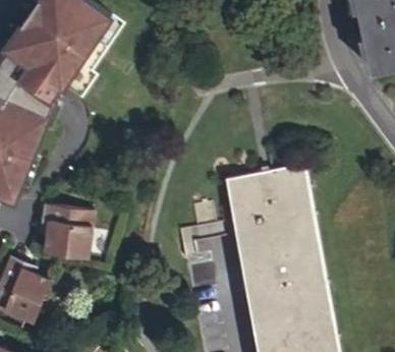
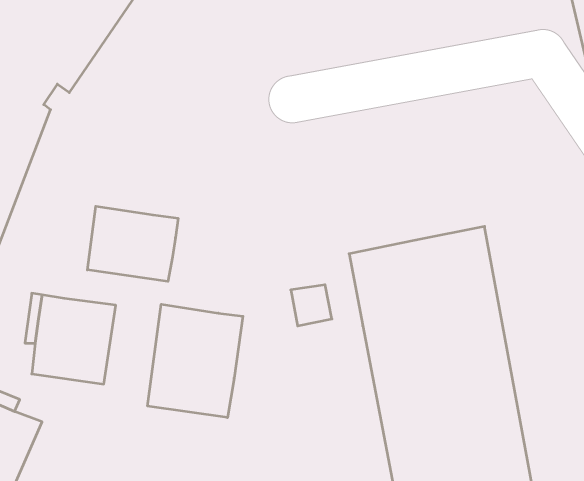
building: none -> [87,206,178,281]
building: none -> [148,304,243,418]

